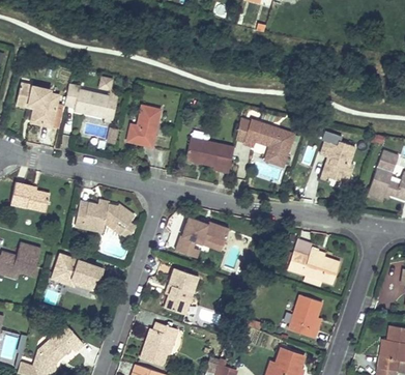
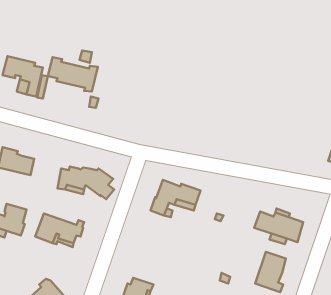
building: [126,105,161,146] -> none
building: [236,119,293,166] -> none
building: [185,137,234,172] -> none
building: [320,140,355,181] -> none
building: [165,267,198,314] -> none

